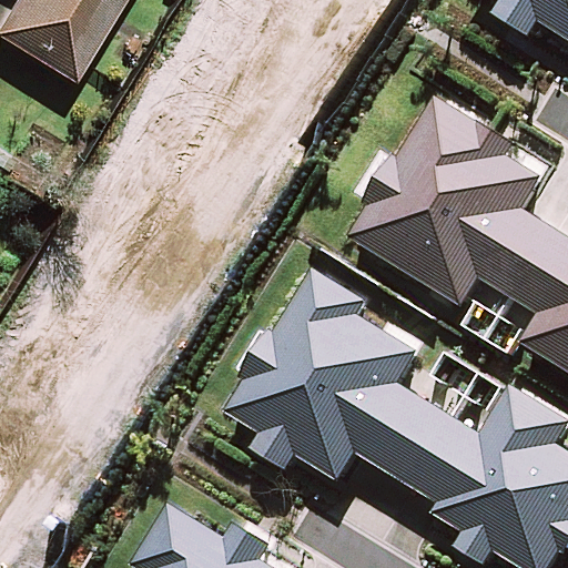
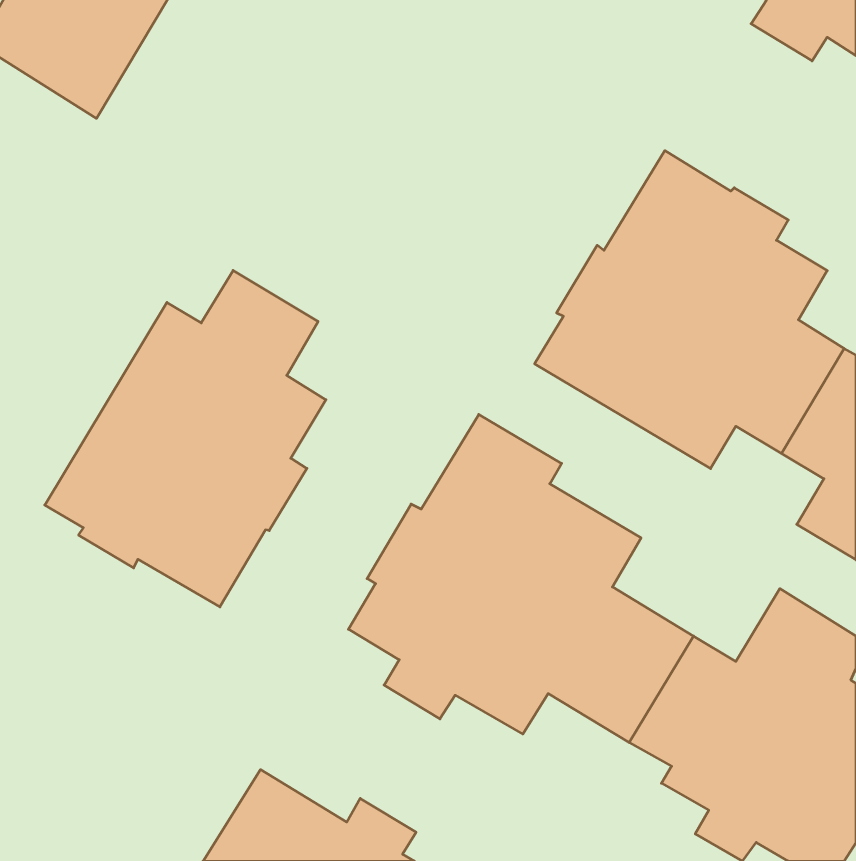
building: none -> [45,270,326,607]

